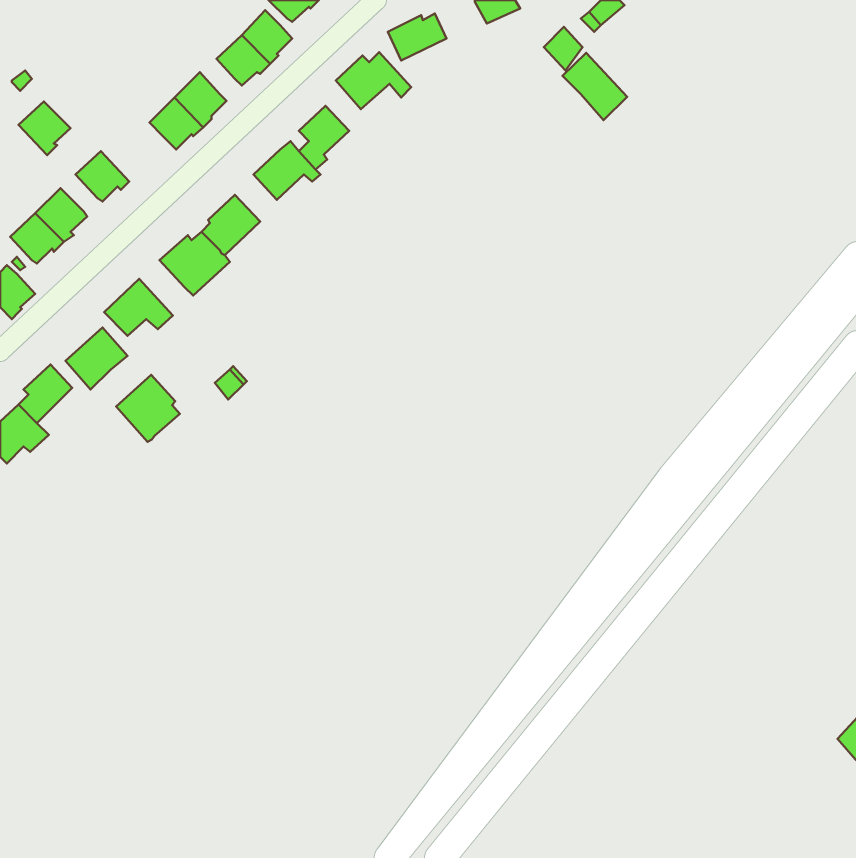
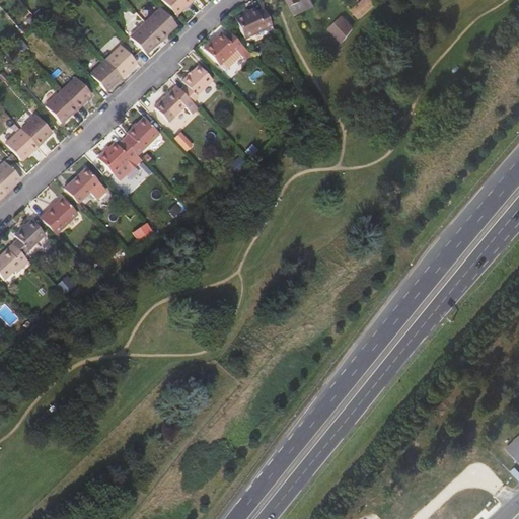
building: [562,53,627,120] -> none
building: [19,101,71,155] -> [62,77,93,109]
building: [116,375,180,442] -> none

